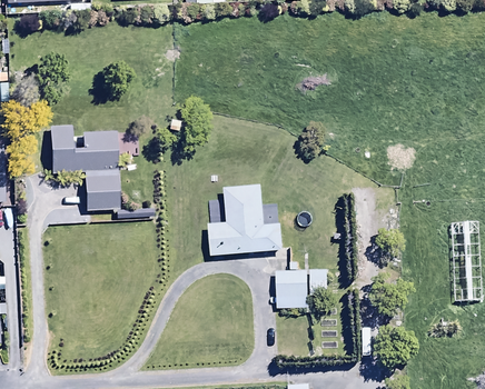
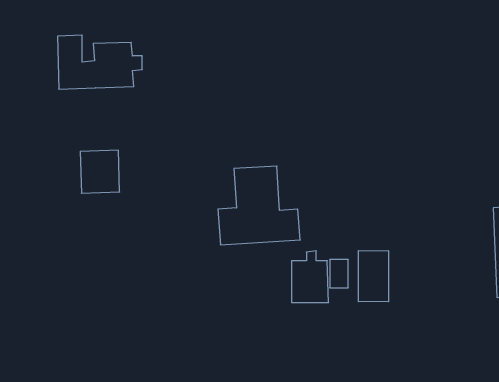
building: [49,122,126,171] -> [58,35,142,89]
building: none -> [358,251,388,302]

